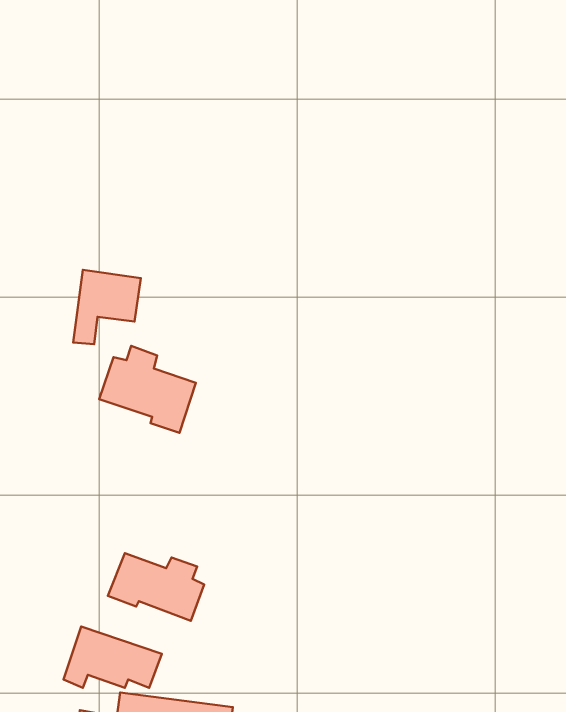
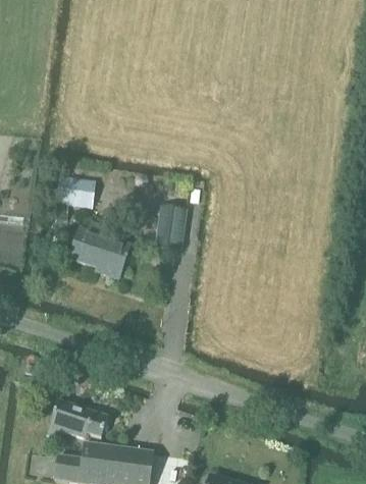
building: none -> [157,205,187,248]
building: [108,553,204,621] -> none

